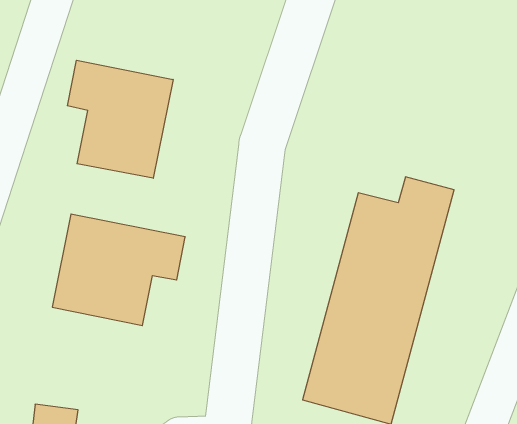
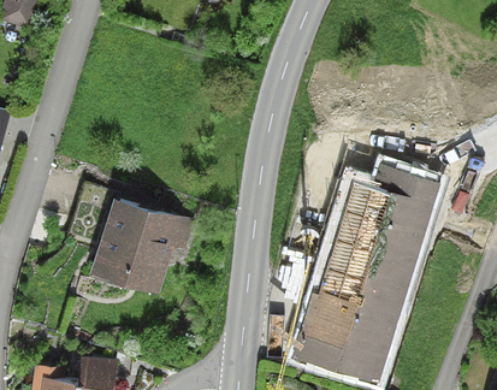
building: [67,60,173,178] -> none

